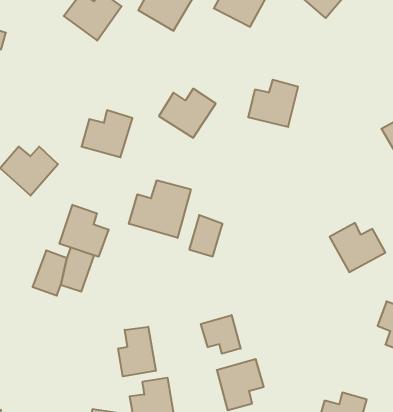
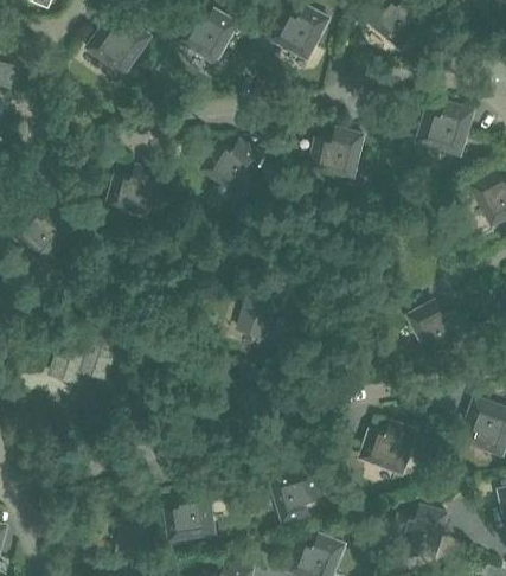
building: none -> [414,100,475,158]
building: [129,180,191,238] -> none
building: [59,205,109,257] -> none
building: [201,315,241,354] -> none
building: none -> [358,418,419,475]
building: [118,327,156,376] -> none

